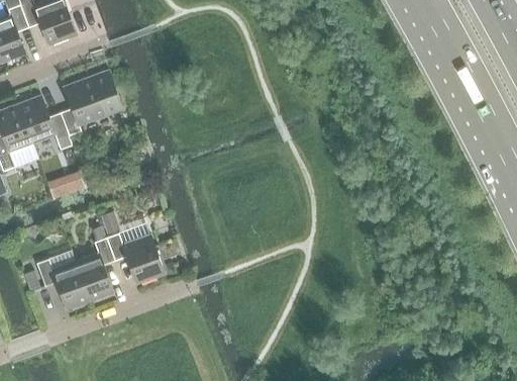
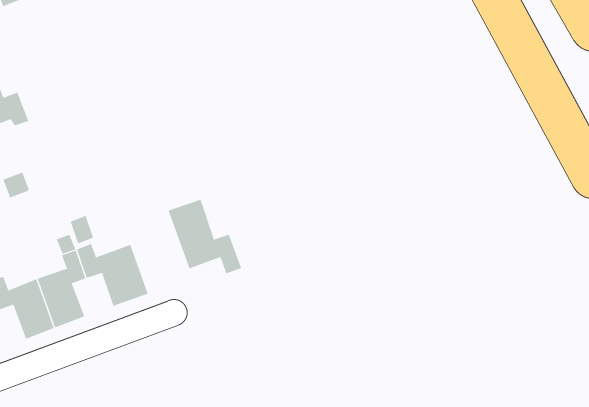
building: [60,70,122,135] -> none
building: none -> [168,199,242,275]

